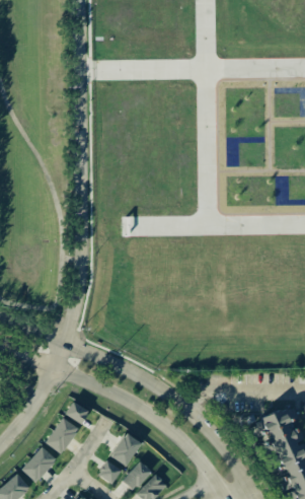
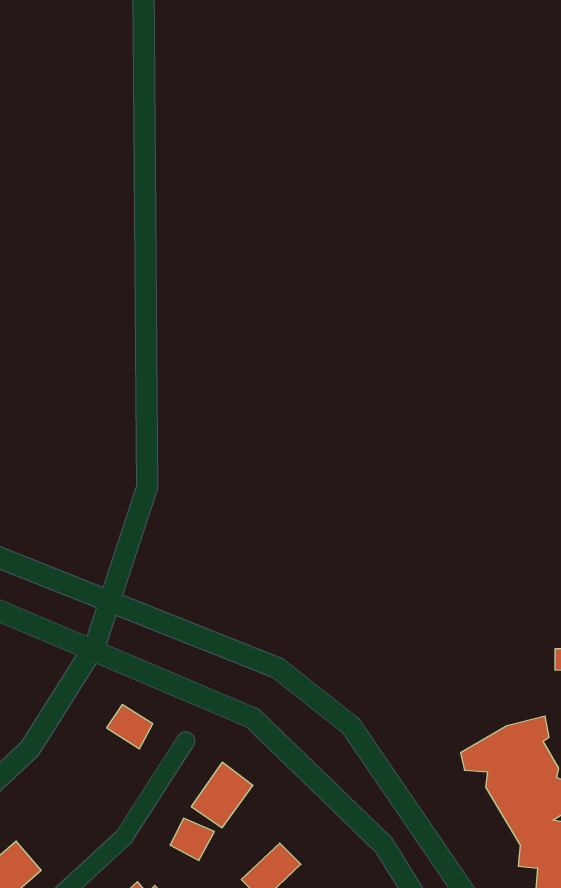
building: [46,418,78,454] -> none
building: [21,447,57,483] -> none
building: [123,461,151,491] -> none

